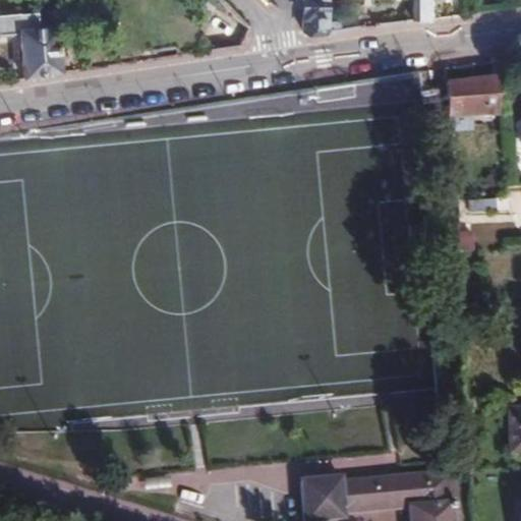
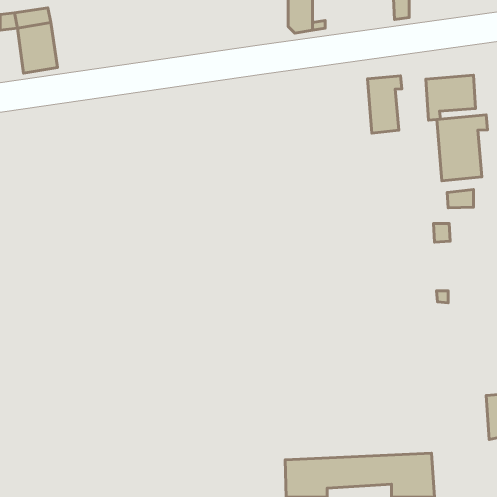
building: none -> [367,76,402,133]
building: none -> [437,115,487,181]

